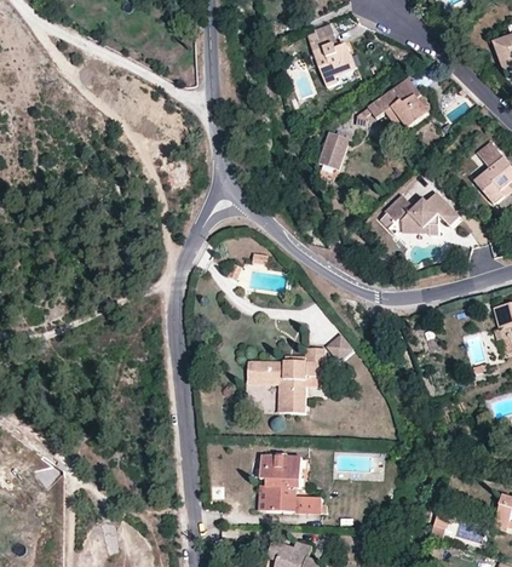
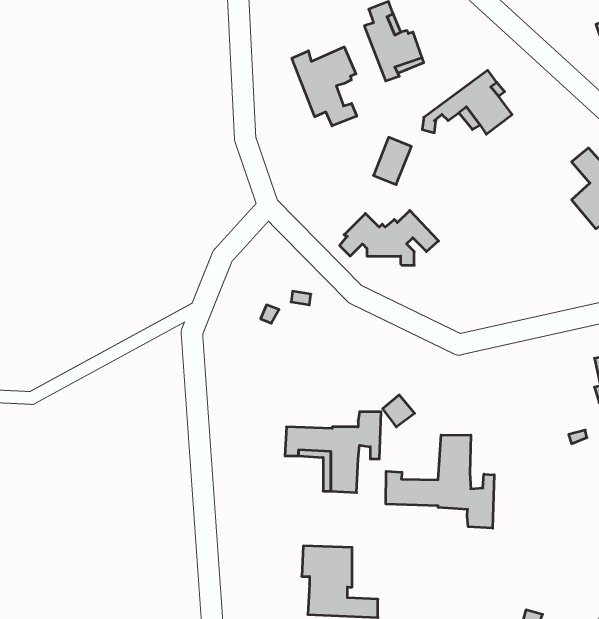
building: none -> [292,47,357,126]
building: [380,191,459,235] -> [340,210,439,265]
building: none -> [386,435,494,528]

